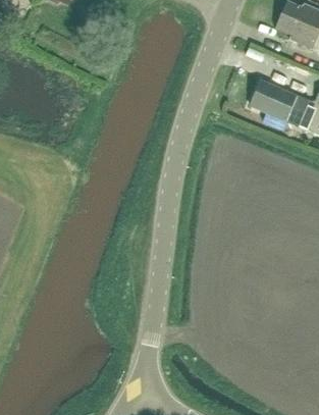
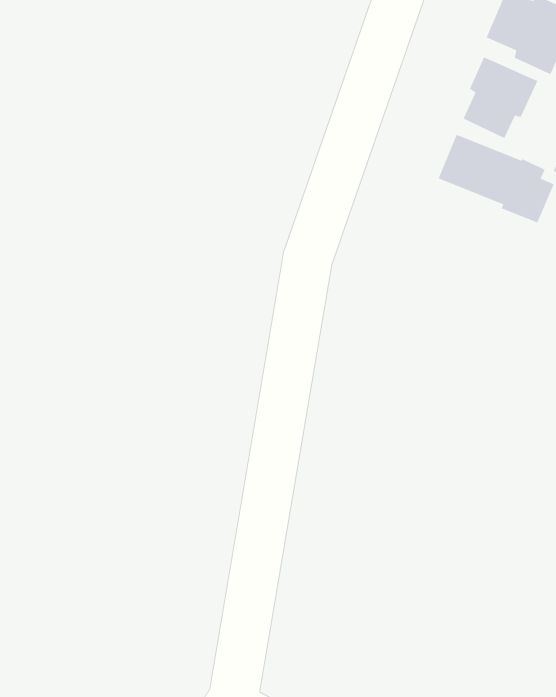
building: none -> [463,56,538,139]

